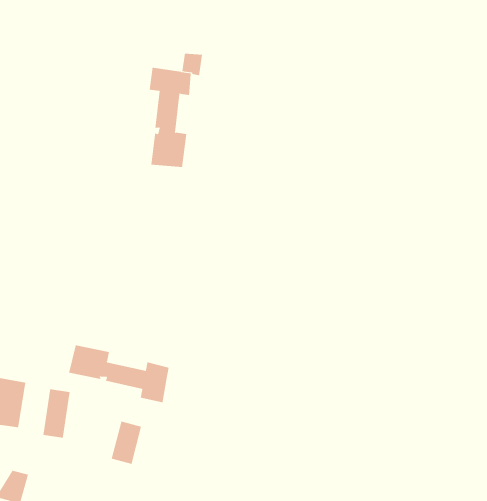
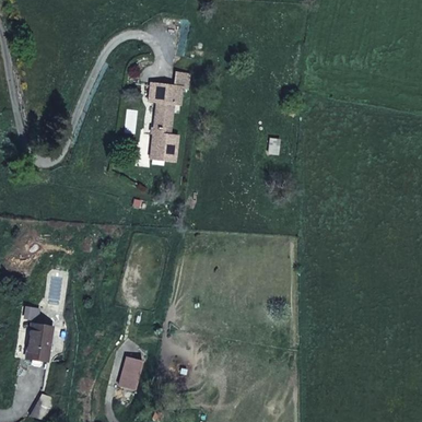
building: [68,344,169,403] -> none
building: [43,389,70,438] -> none

